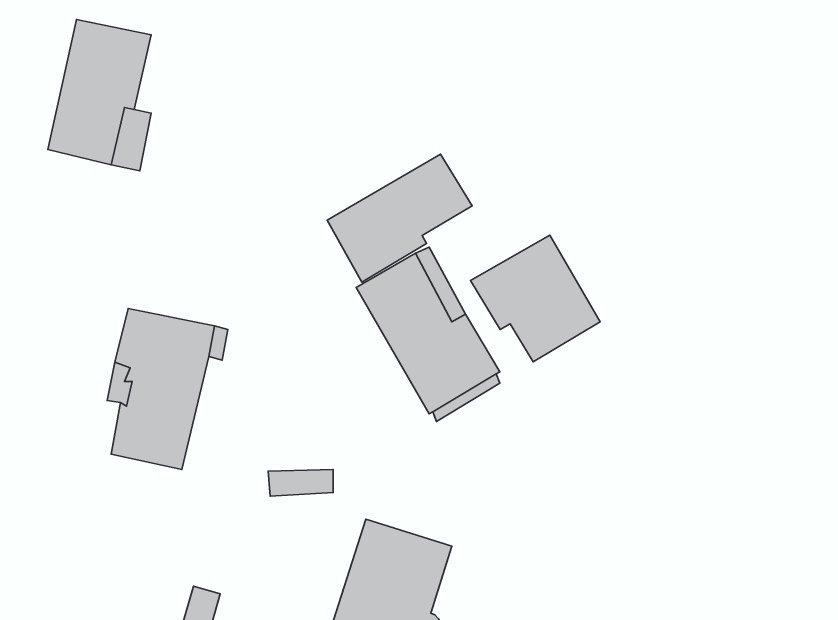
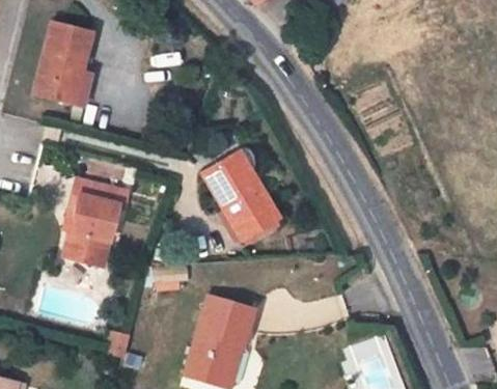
building: [327,154,472,282] -> none
building: [470,235,600,362] -> none

